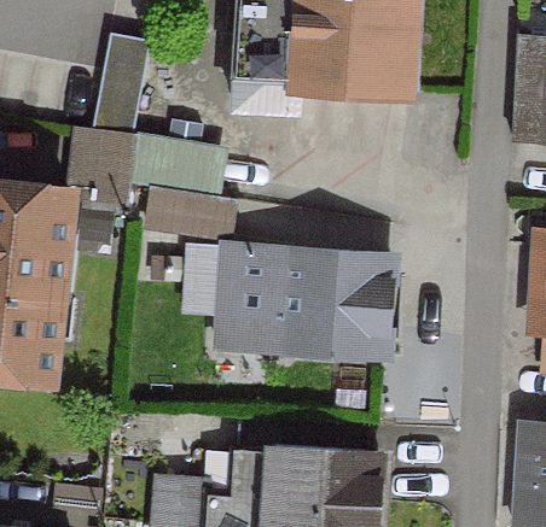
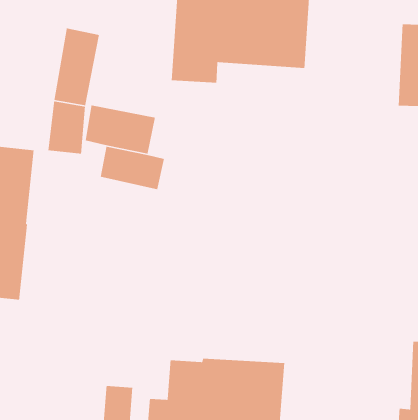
building: [216,247,388,356] -> none

